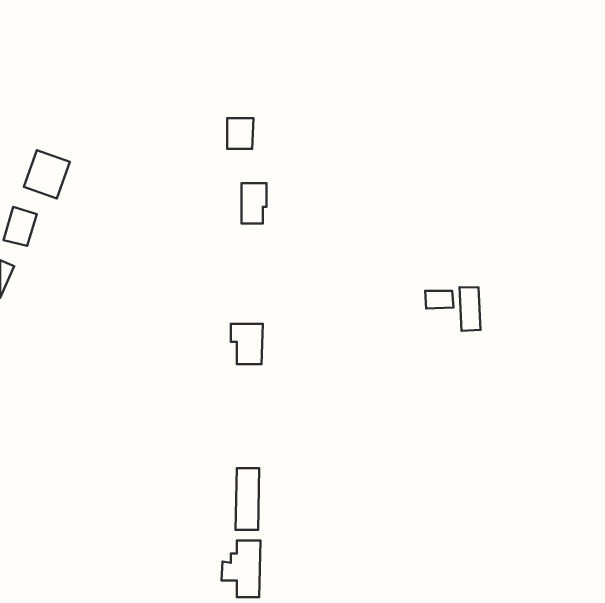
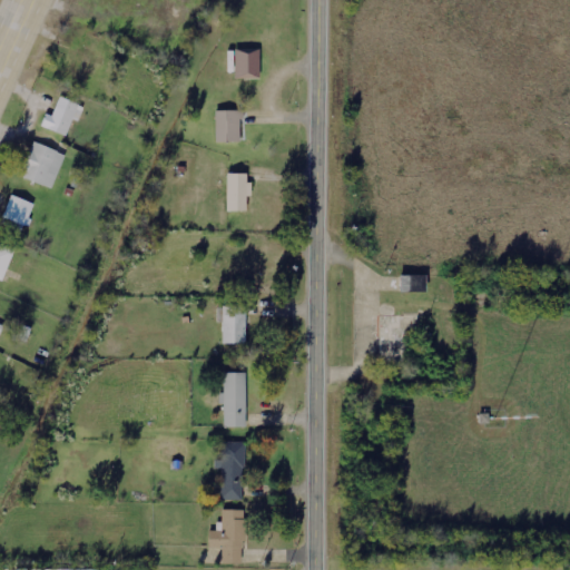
building: none -> [235,48,261,77]
building: none -> [42,96,85,135]
building: [460,287,481,331] -> none
building: none -> [216,372,245,426]

